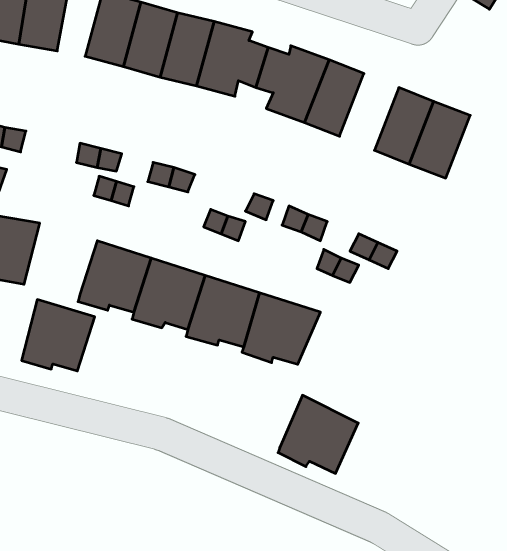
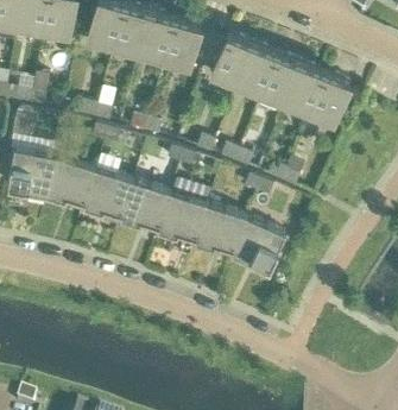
building: none -> [259,53,299,106]
building: [22,300,95,371] -> [44,156,94,204]
building: [278,395,358,473] -> [229,216,284,270]

